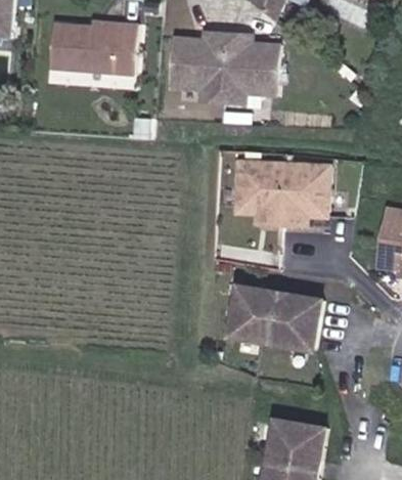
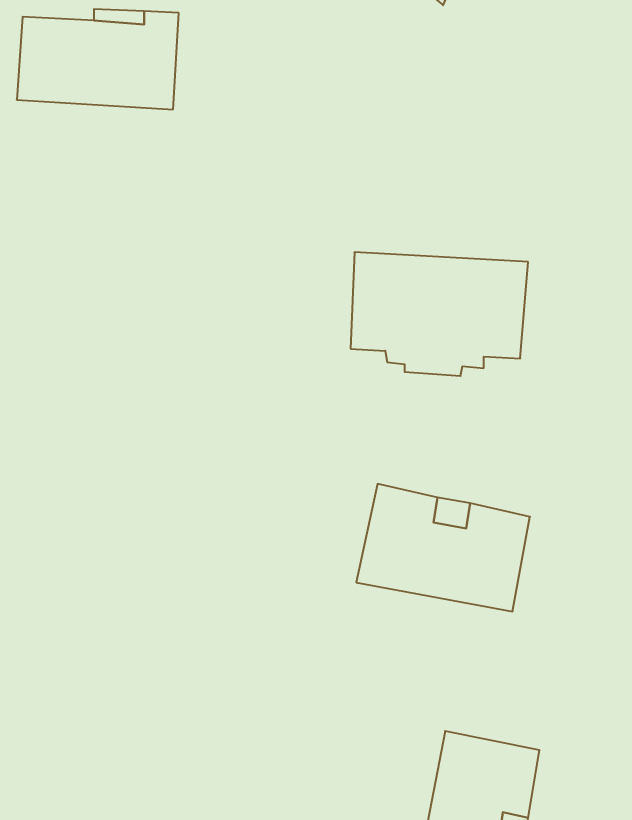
building: [172,36,278,106] -> none

